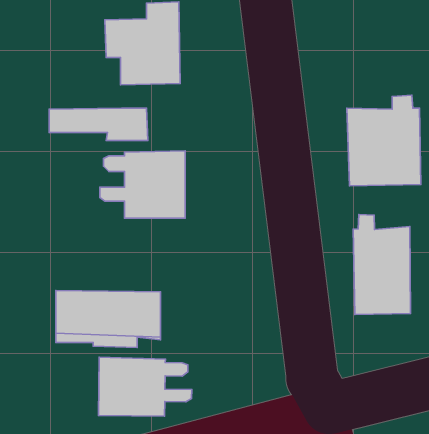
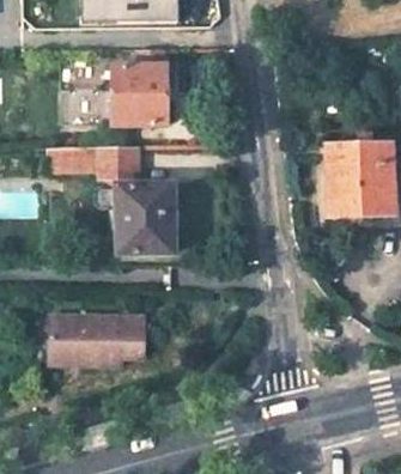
building: [353,214,411,314] -> none
building: [98,357,192,416] -> none

